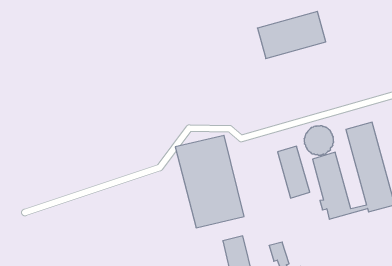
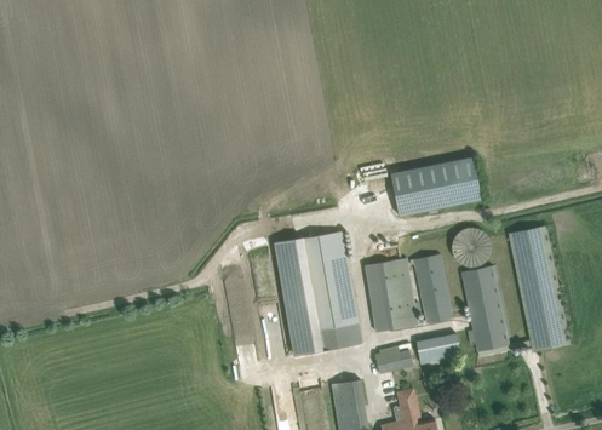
building: [257,11,326,59] -> [389,156,481,216]
building: none -> [367,258,417,332]
building: none -> [415,333,460,363]
building: none -> [374,345,412,372]

